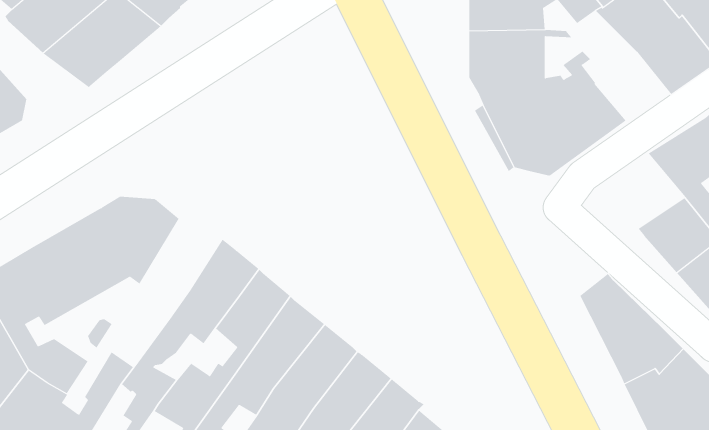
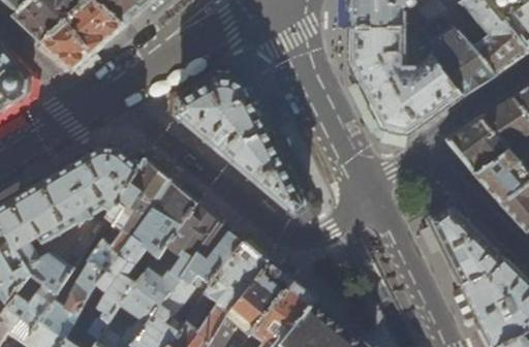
building: none -> [419,15,495,97]
building: none -> [176,80,305,216]
building: none -> [444,119,505,174]
building: none -> [87,158,169,274]

